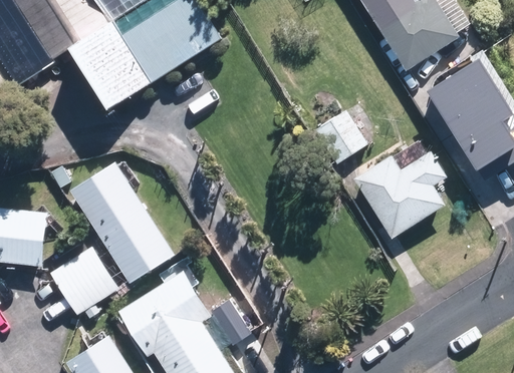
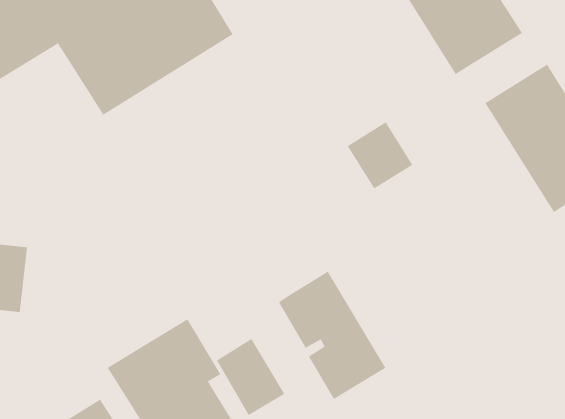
building: [351,140,443,238] -> none
building: [73,161,176,282] -> none
building: none -> [278,271,386,400]
building: [51,246,119,314] -> none

